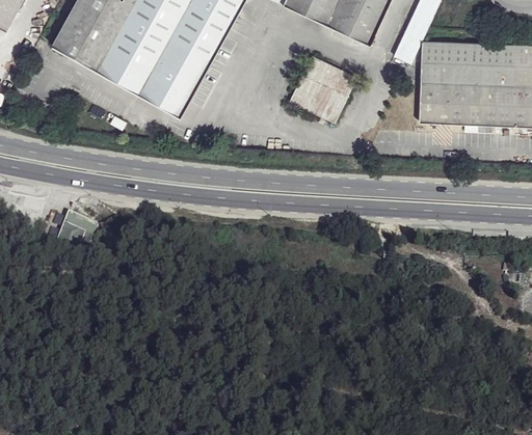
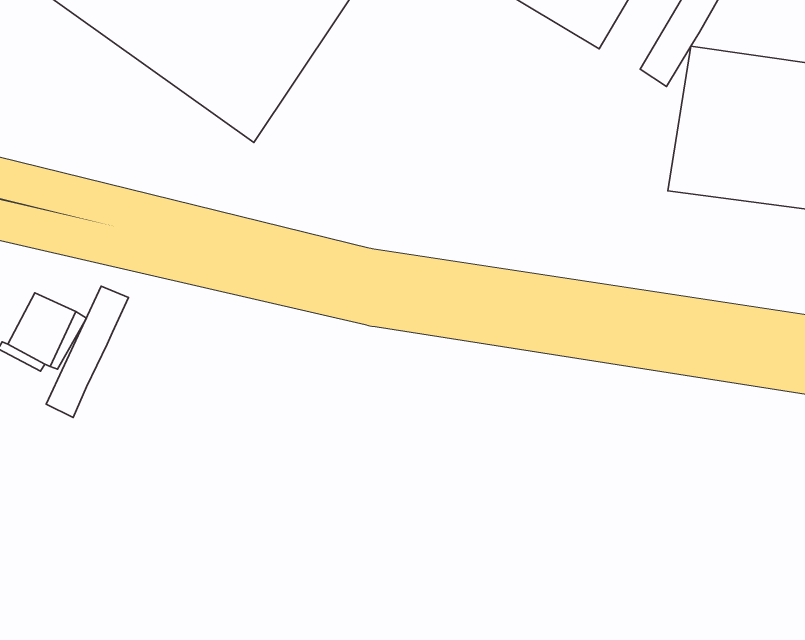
building: [289,55,353,121] -> none
building: none -> [46,286,128,417]

